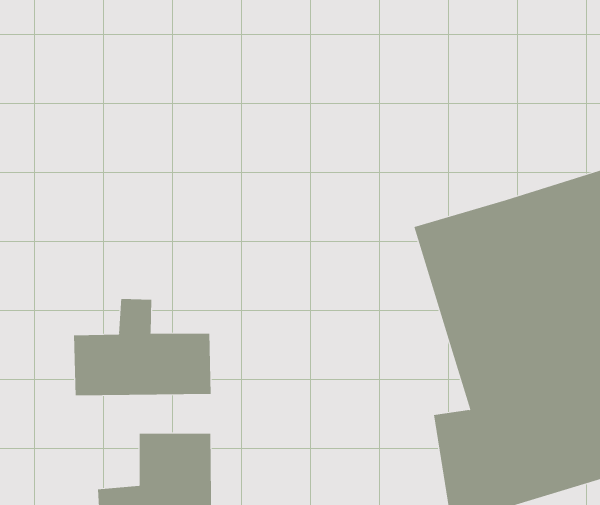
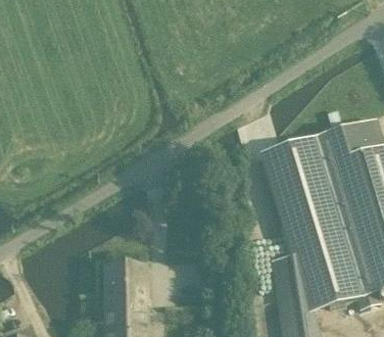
building: [74,298,211,396] -> none

